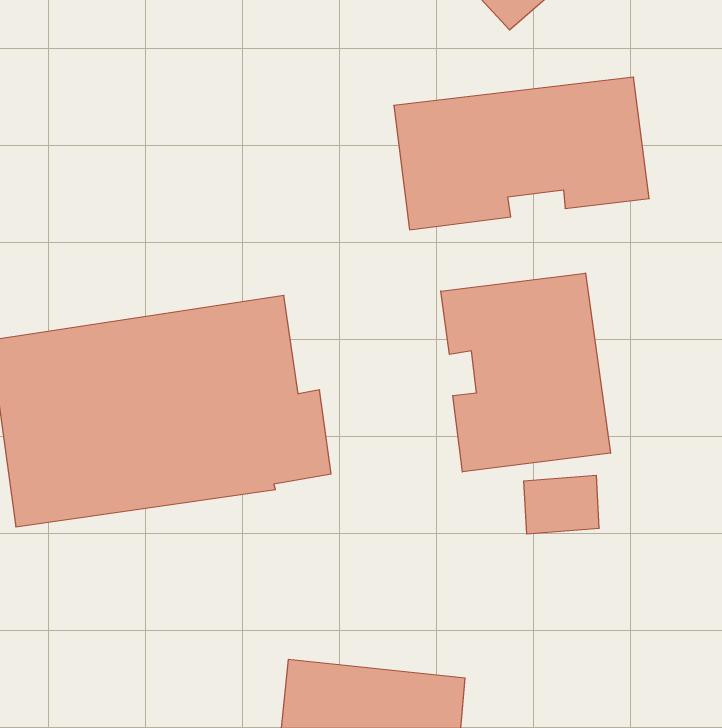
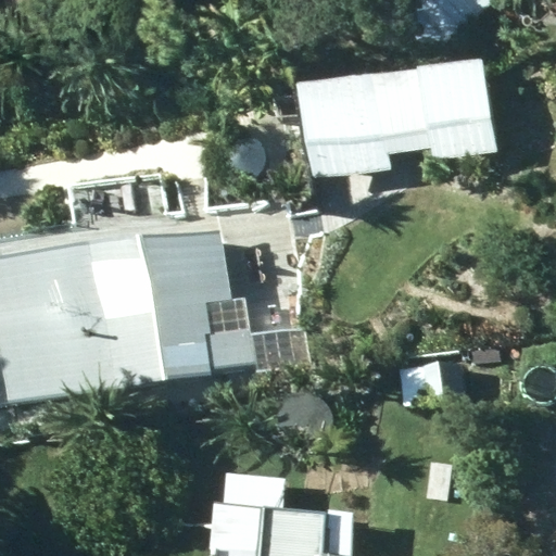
building: [441,273,610,472] -> none

